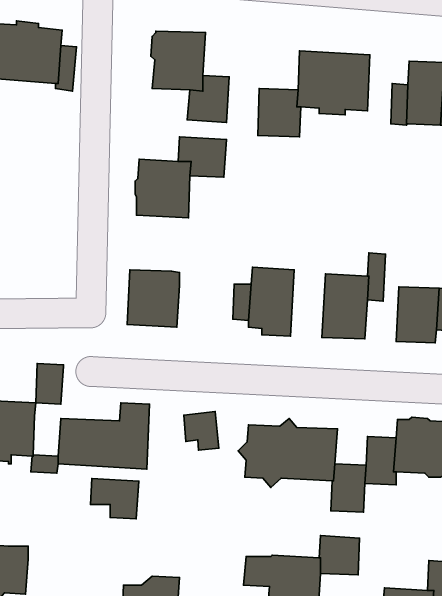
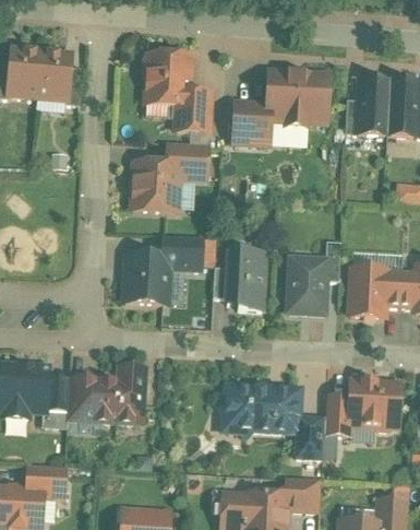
building: none -> [163,234,203,268]
building: [36,364,63,404] -> [47,376,70,410]
building: [184,411,219,450] -> none
building: [90,479,139,519] -> [26,463,67,497]

